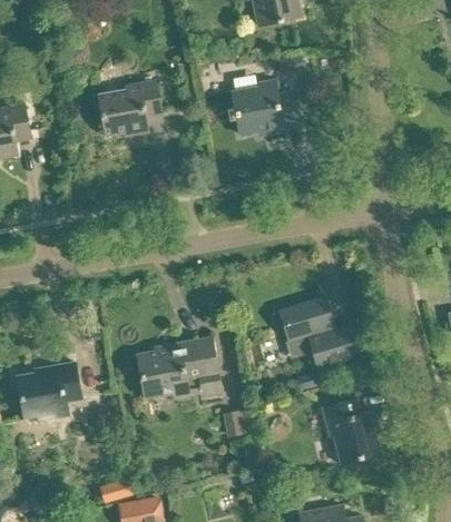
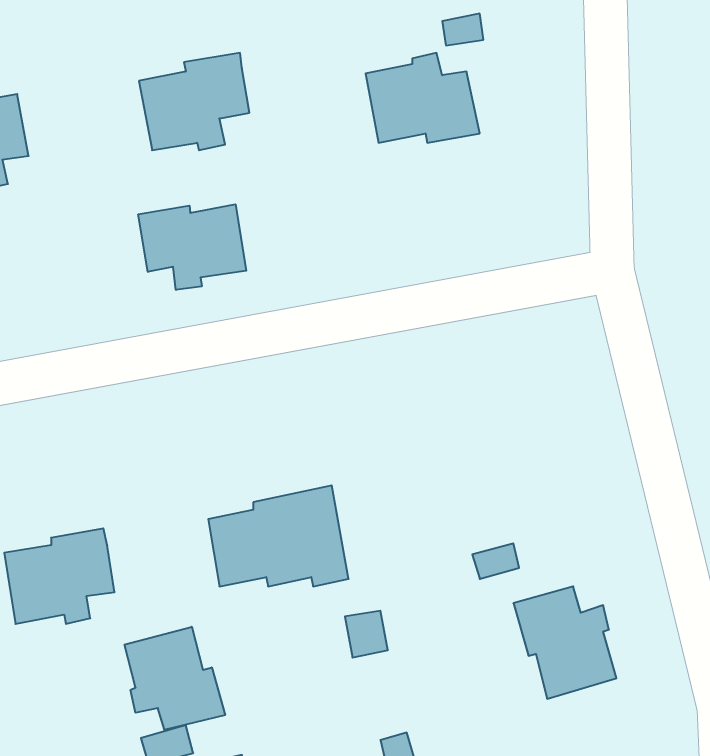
building: none -> [138,204,246,290]
building: [278,297,374,367] -> none
building: none -> [125,627,225,730]

